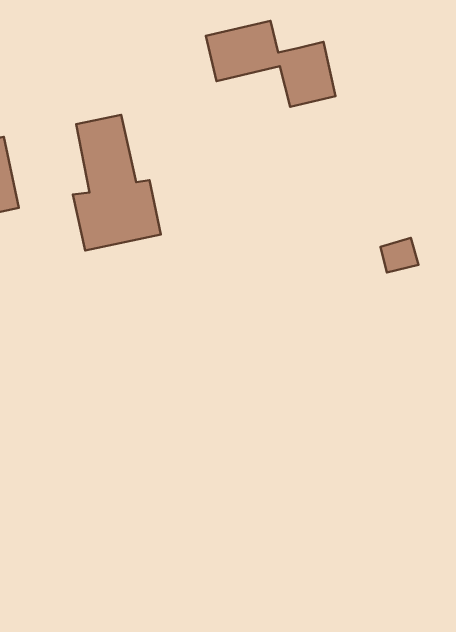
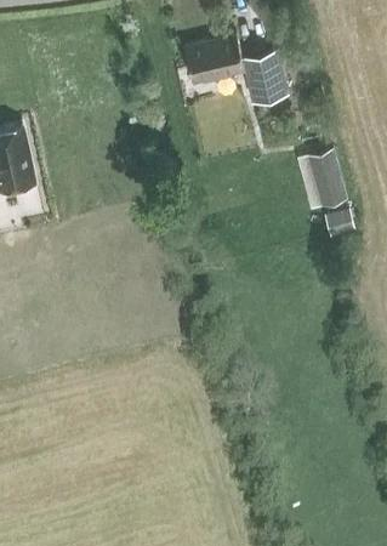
building: [73,115,161,250] -> none
building: none -> [297,150,348,211]

